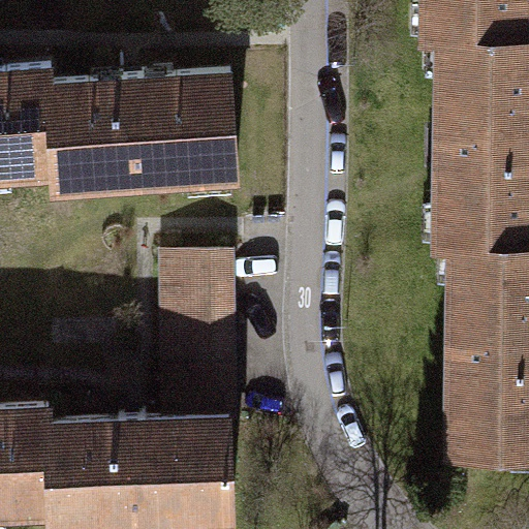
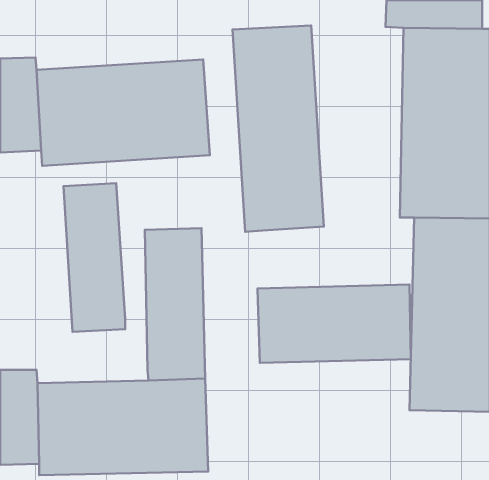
building: none -> [233,26,324,232]
building: none -> [63,183,125,332]
building: none -> [258,284,411,363]

